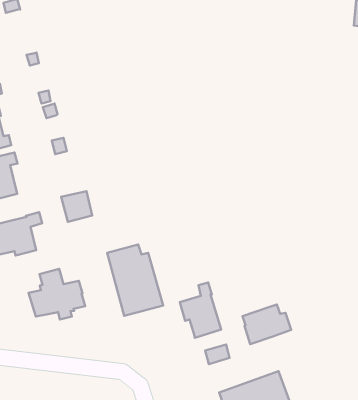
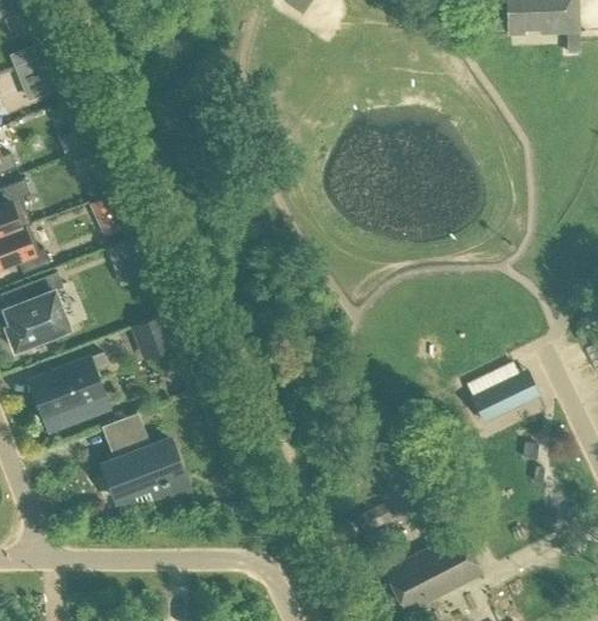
building: [107,244,163,316] -> none
building: [180,282,221,338] -> none
building: [242,305,291,344] -> [466,364,536,423]

